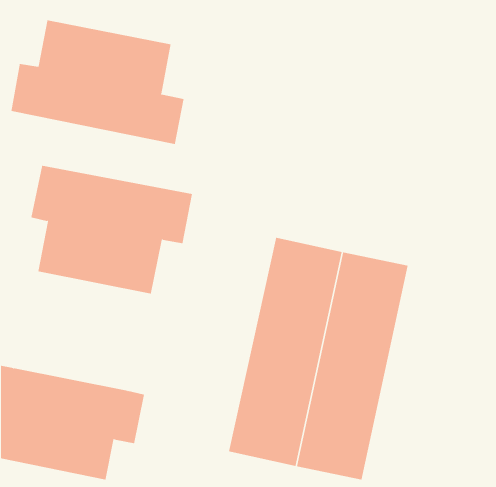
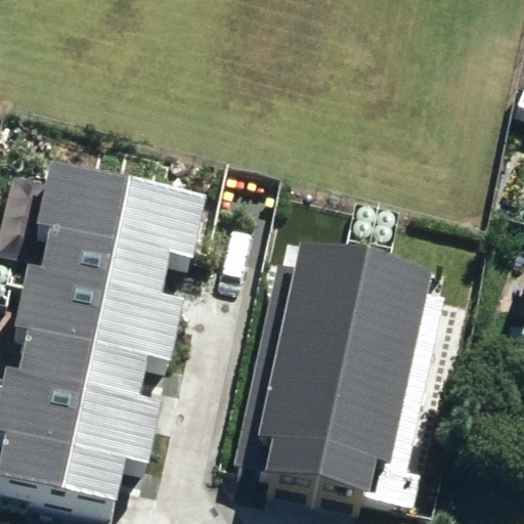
building: [11,20,184,145] -> none
building: none -> [13,278,181,406]

